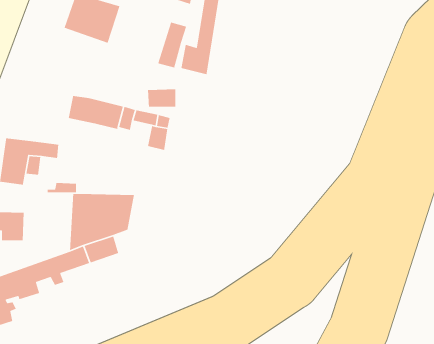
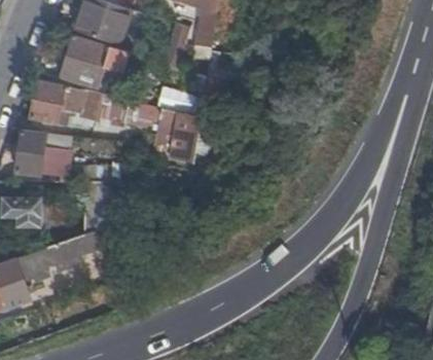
building: none -> [60,35,110,87]
building: none -> [30,82,83,122]
building: none -> [171,109,201,158]

